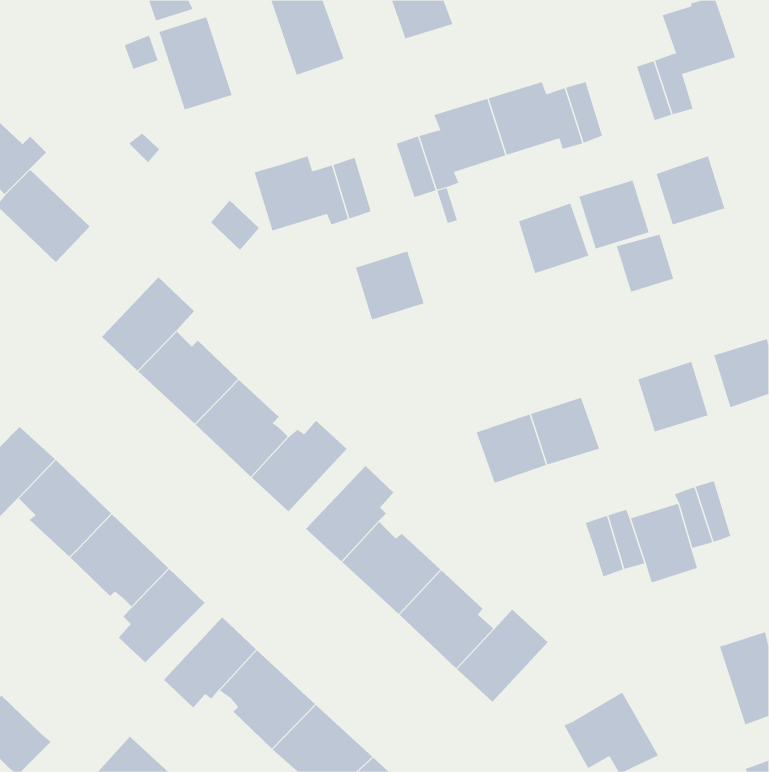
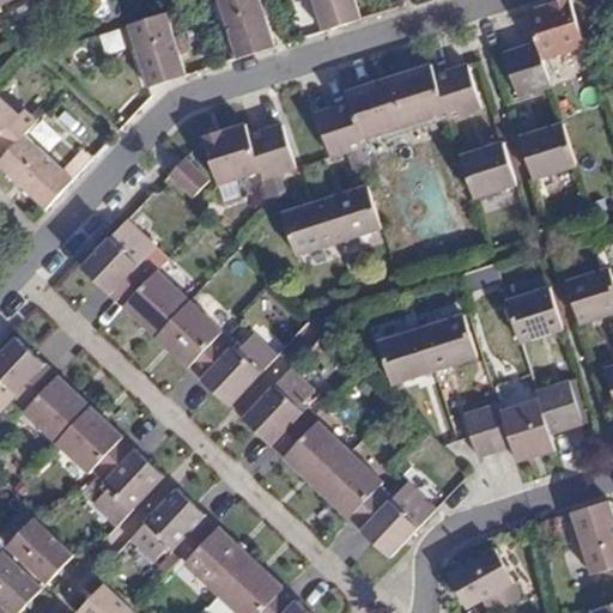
building: [518,203,589,274] -> [323,184,380,241]
building: [616,234,674,292] -> none
building: none -> [5,517,72,583]

